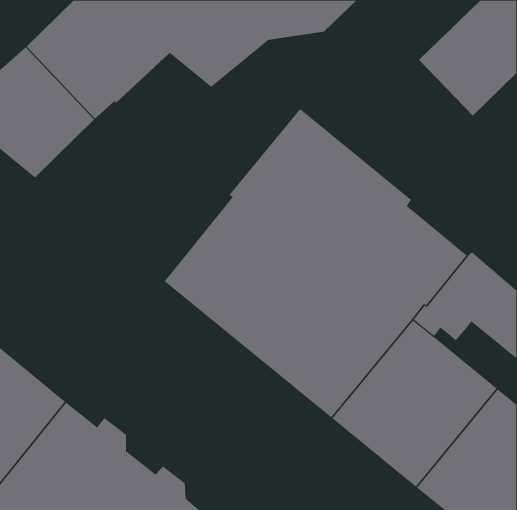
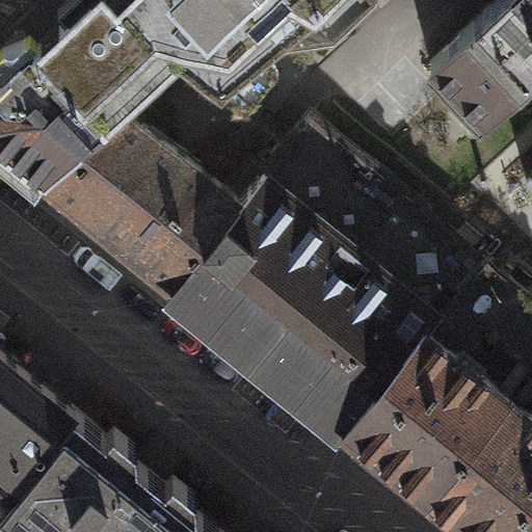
building: none -> [35,119,234,300]

